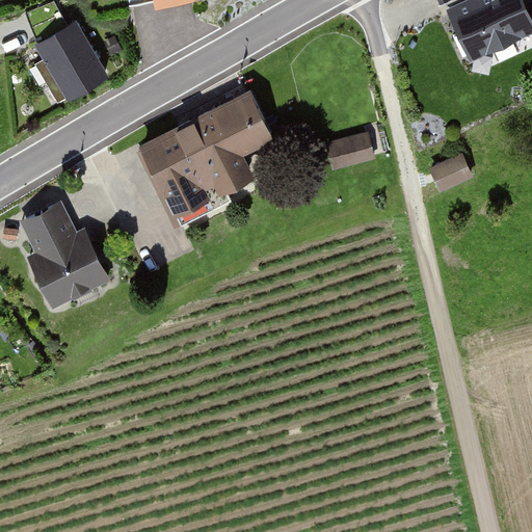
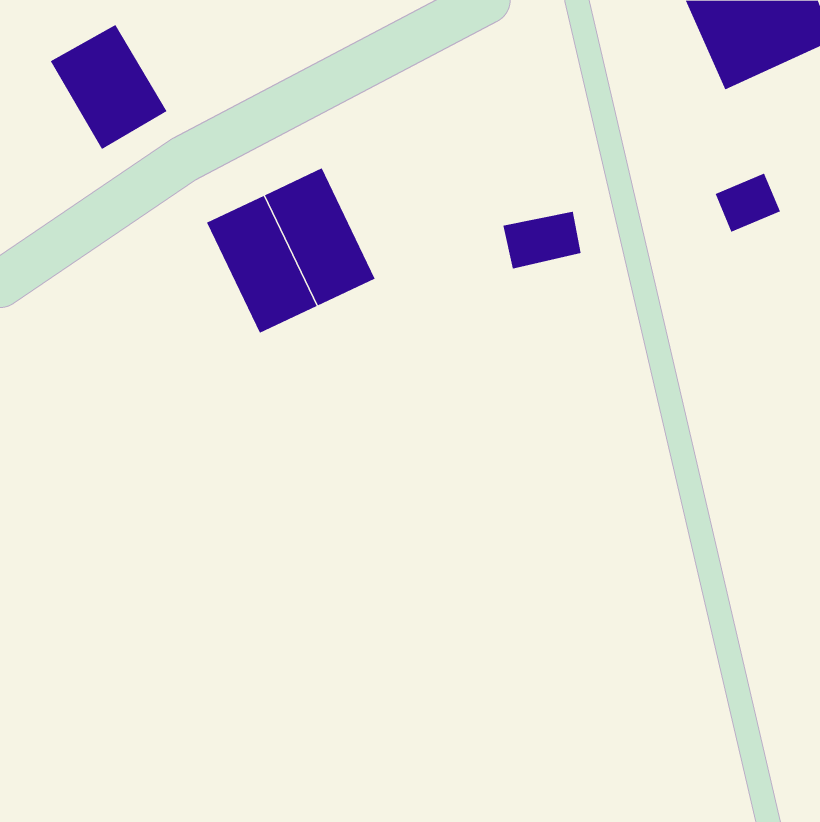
building: [210,91,281,181] -> none
building: [431,159,474,197] -> [715,173,781,233]
building: [20,203,111,313] -> none

